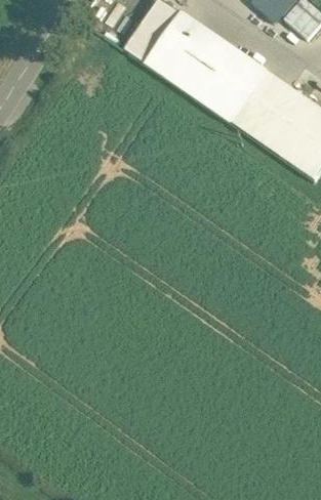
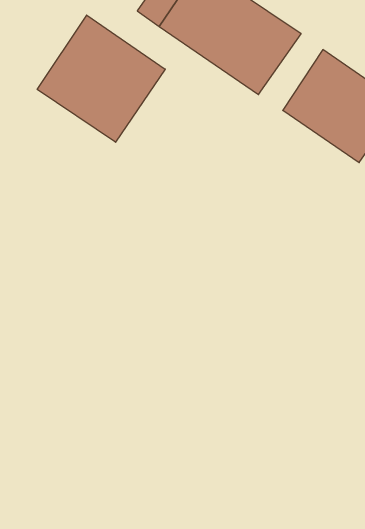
building: none -> [37,15,165,142]
building: [231,71,285,135] -> none

